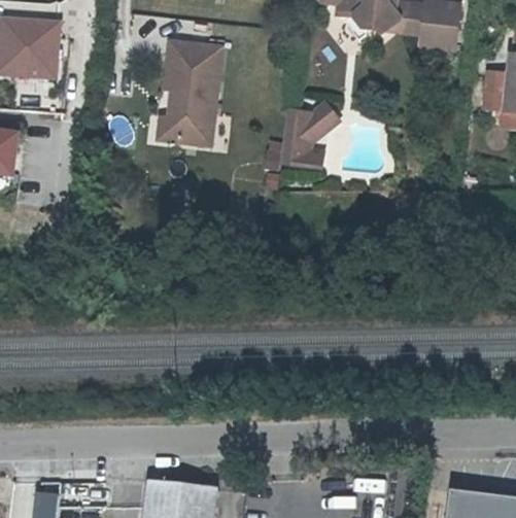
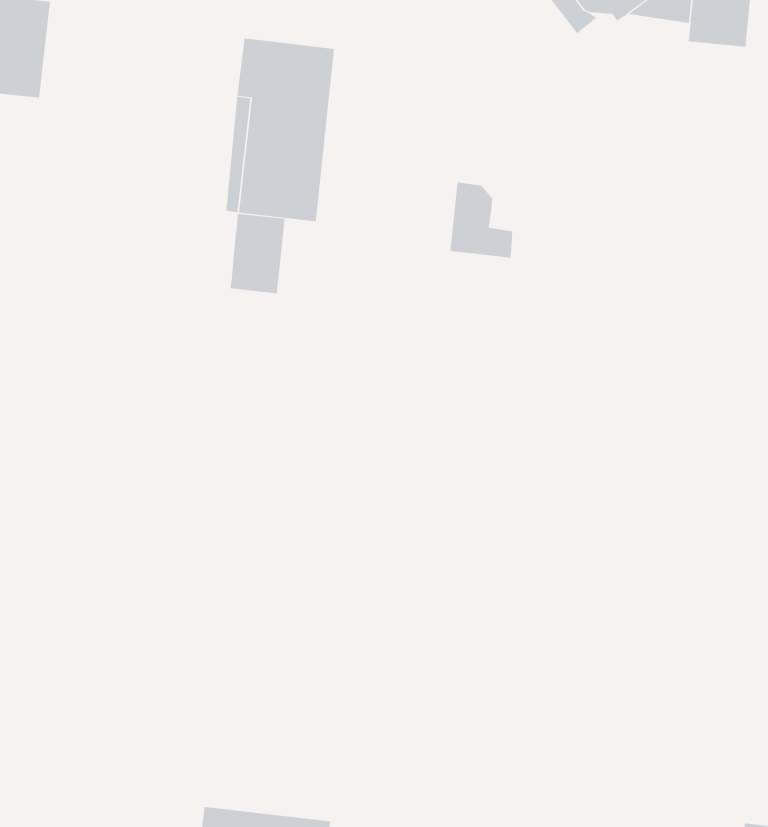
building: [291,104,339,143] -> none
building: none -> [230,213,285,294]

